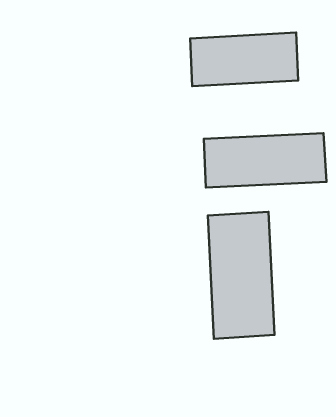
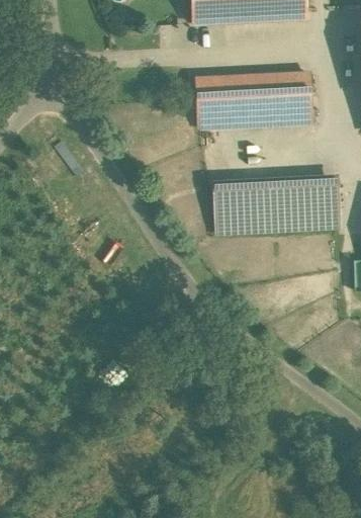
building: [208,212,274,339] -> none

